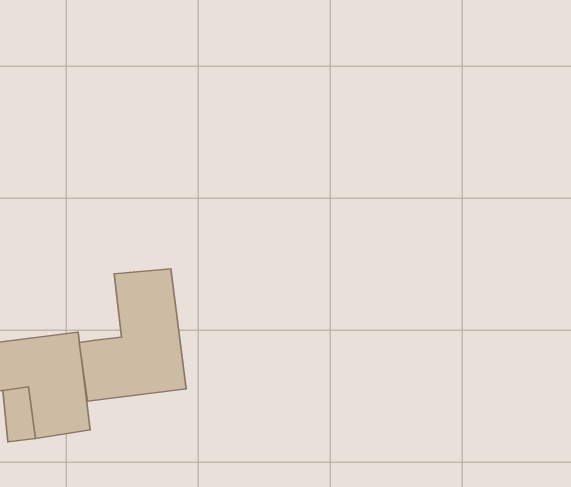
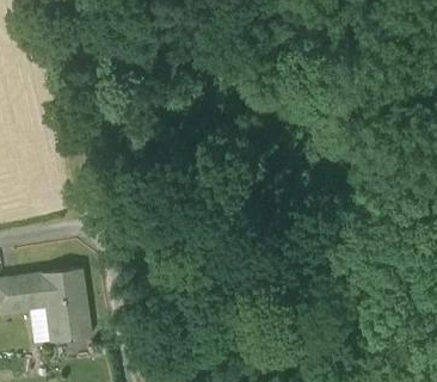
building: [79,269,186,401] -> none

